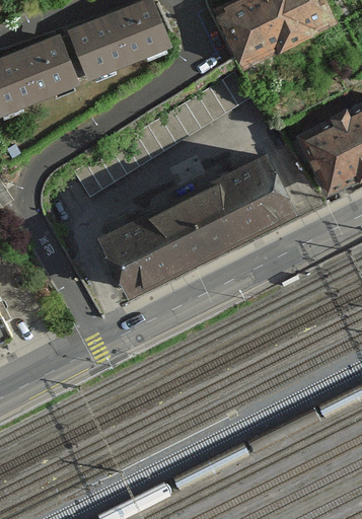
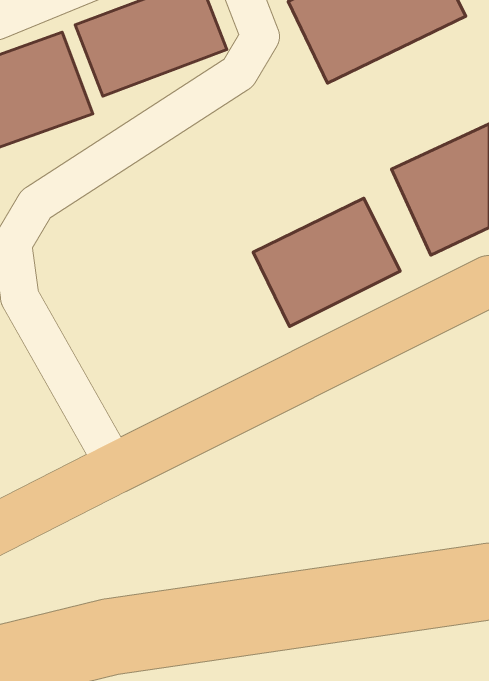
building: [101,190,218,287] -> none

